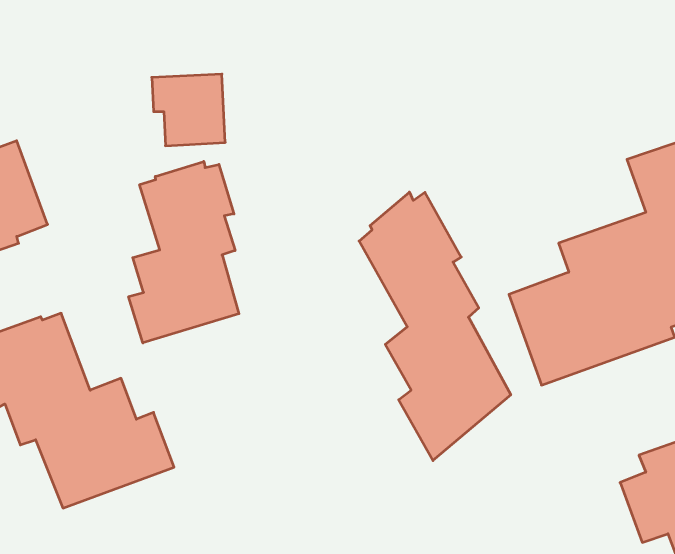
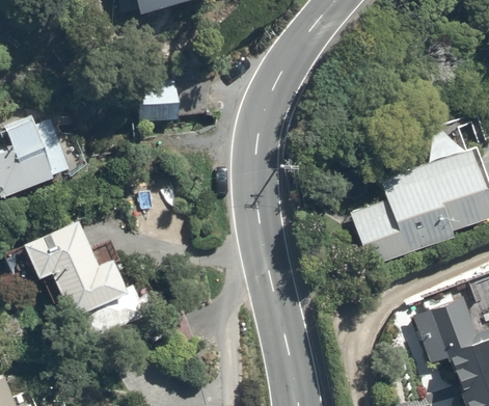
building: [129,161,239,343] -> none
building: [359,192,511,461] -> none

